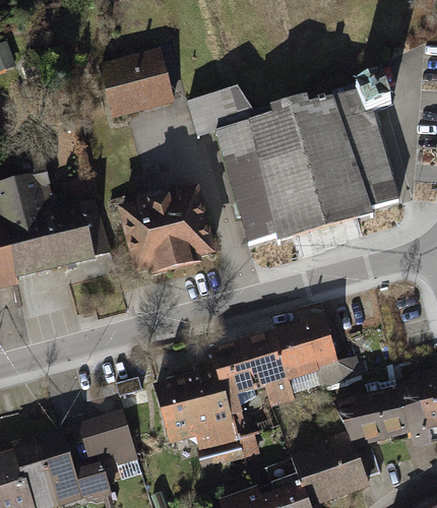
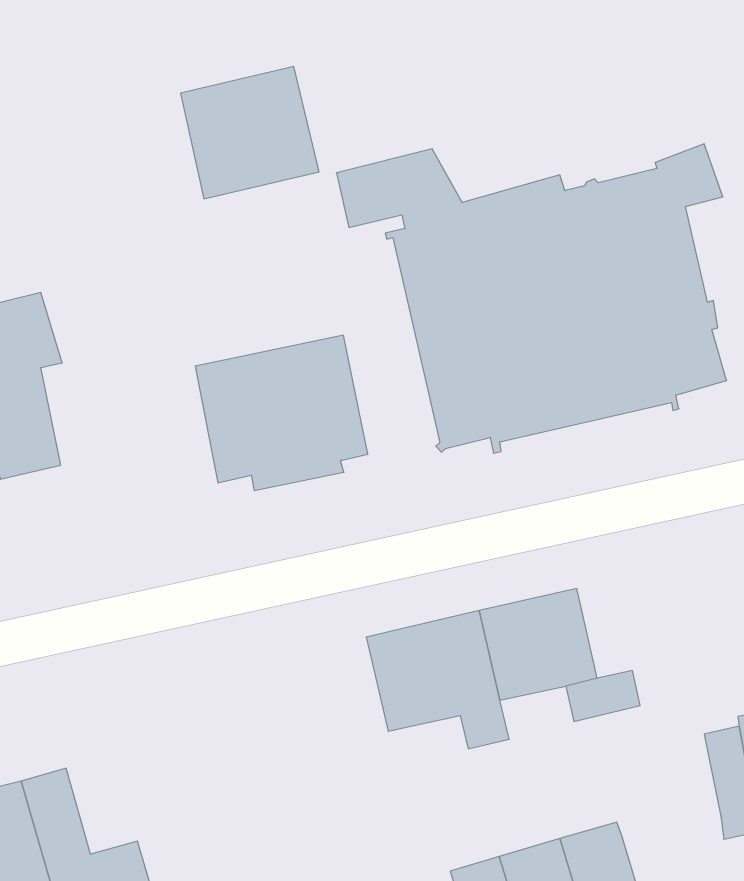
building: [36,188,107,265] -> none
building: [155,358,242,451] -> none
building: [337,389,407,445] -> none
building: [78,407,135,462] -> none

